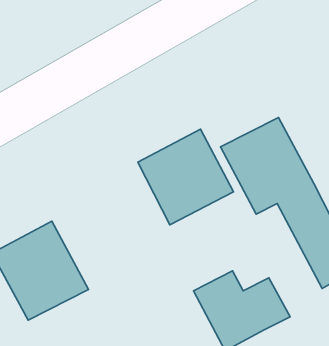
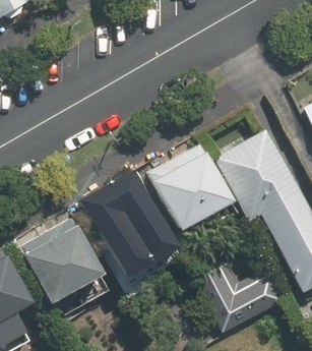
building: none -> [80,167,179,281]

